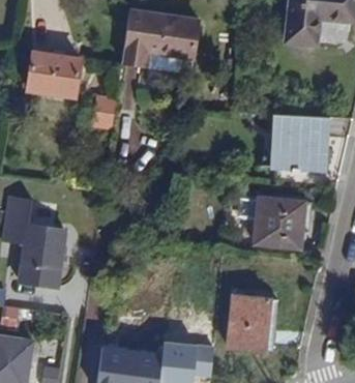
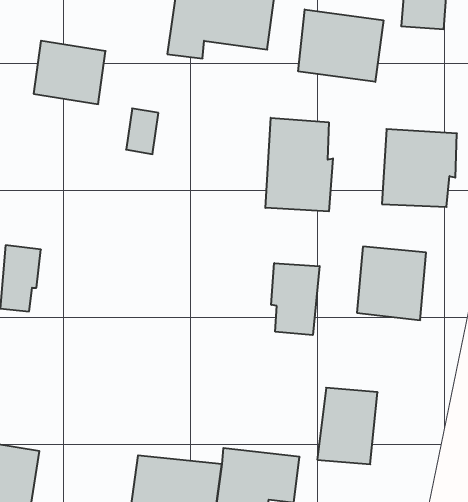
building: none -> [298,9,383,82]
building: none -> [265,118,333,211]
building: none -> [271,263,320,335]
building: [20,227,64,287] -> none

